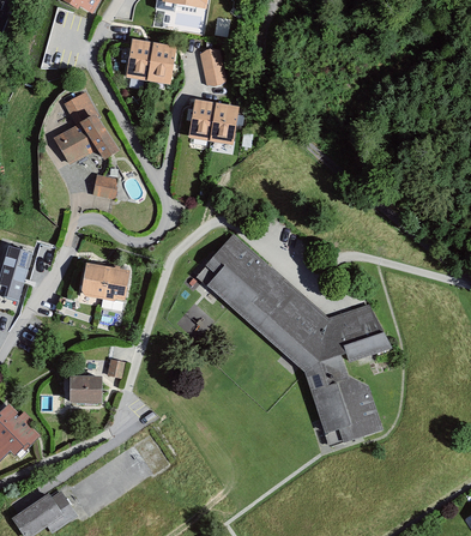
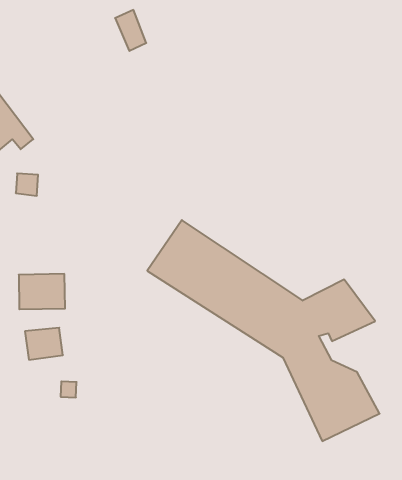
building: [127,41,174,82] -> none
building: [189,100,236,141] -> none
building: [70,375,99,401] -> [25,328,63,360]

